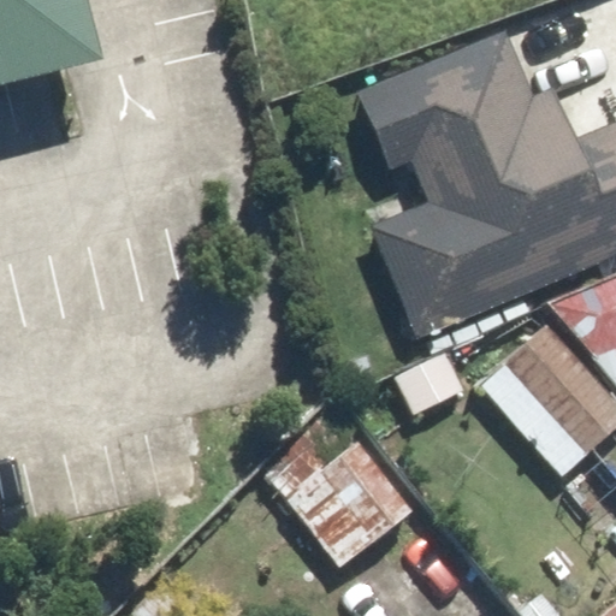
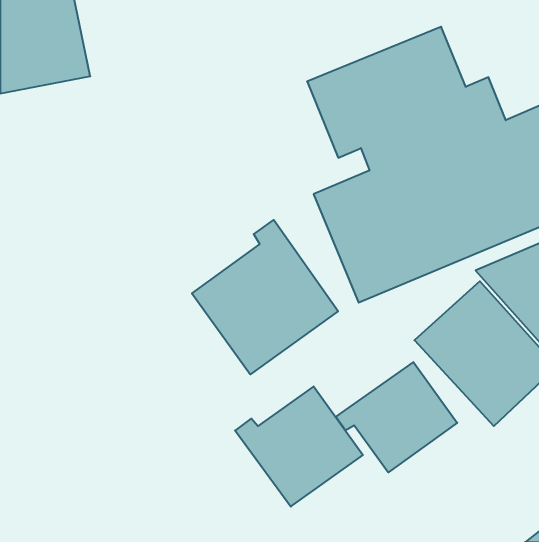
building: none -> [192,220,338,374]
building: none -> [336,362,457,472]

